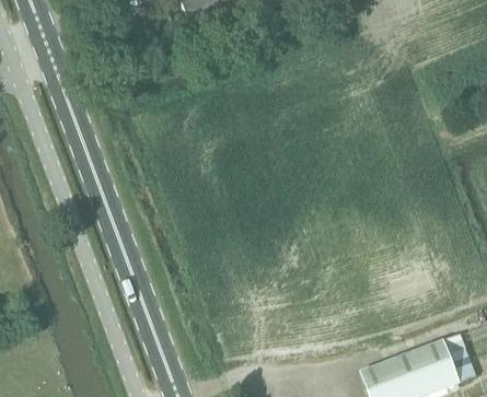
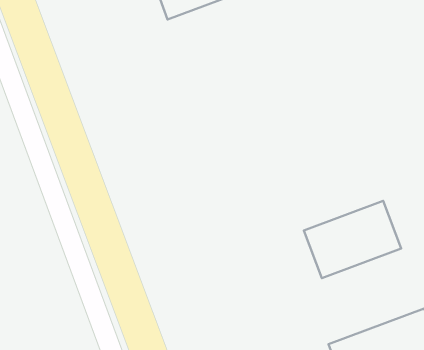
building: none -> [304,201,401,278]

